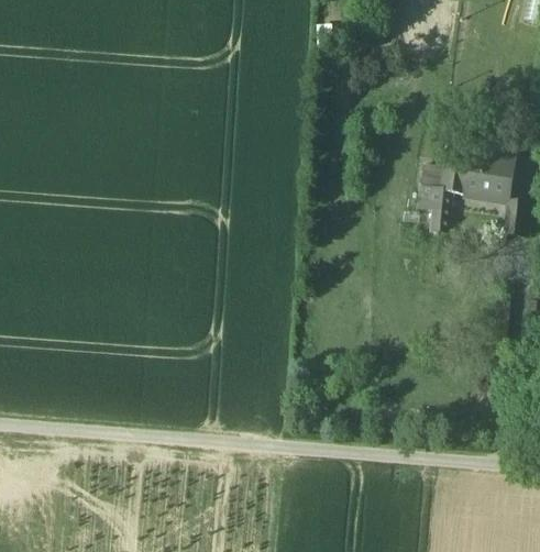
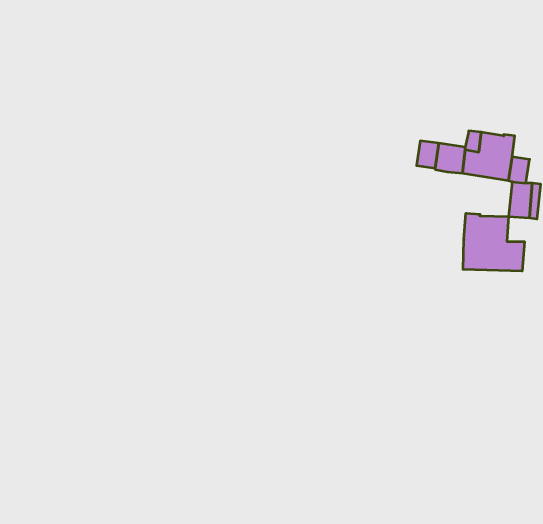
building: [417,189,448,224] -> none
building: none -> [463,213,524,271]

